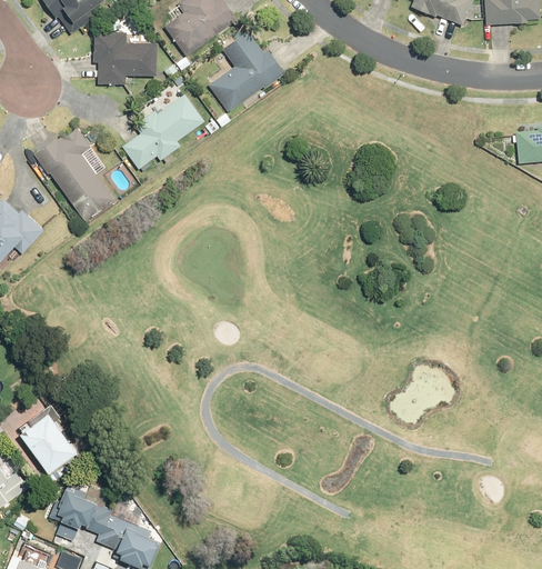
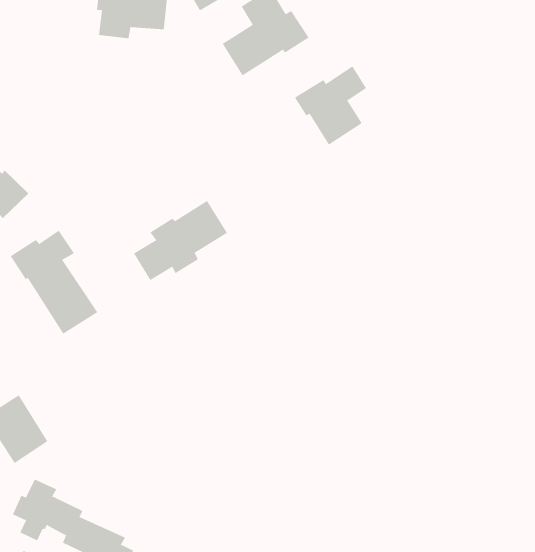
building: [121,93,204,169] -> [133,200,228,281]
building: none -> [294,66,367,145]
building: [33,128,116,221] -> [10,230,98,335]

